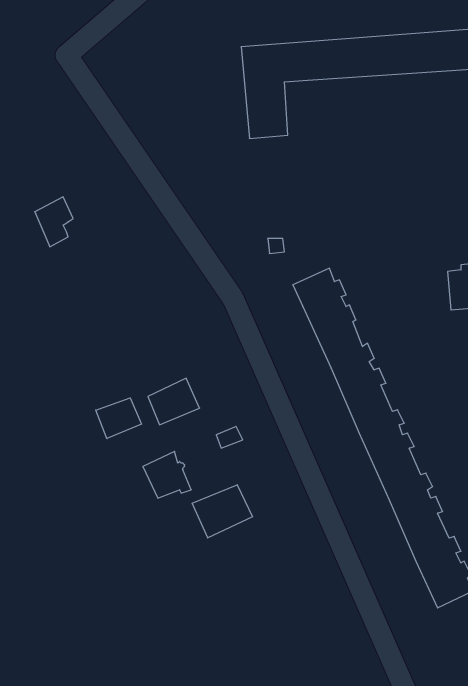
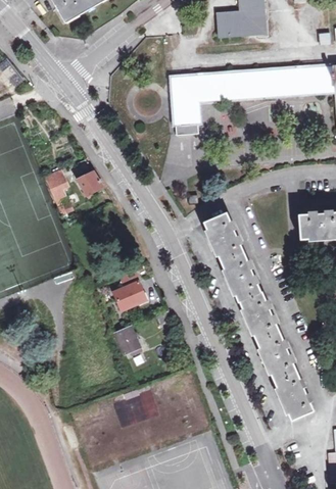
building: none -> [78,169,104,196]
building: [96,398,141,439] -> none
building: [192,485,253,538] -> none

